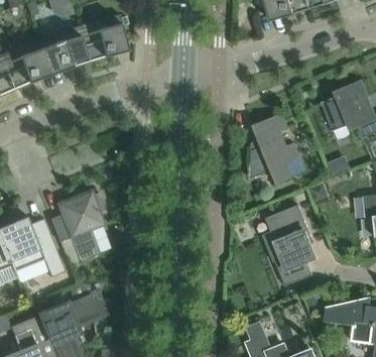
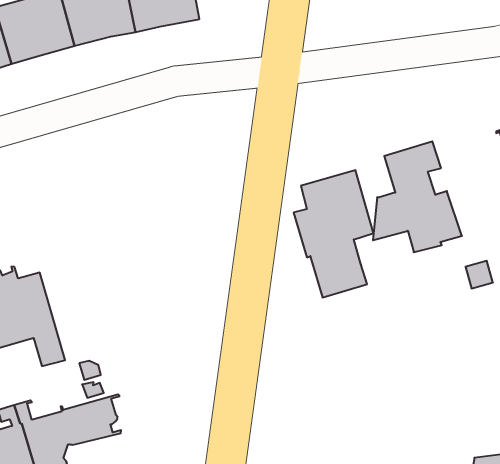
building: [60,191,104,262] -> none
building: [262,205,314,286] -> [294,170,374,297]

